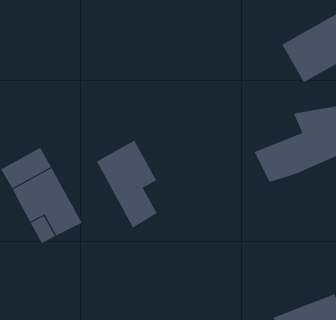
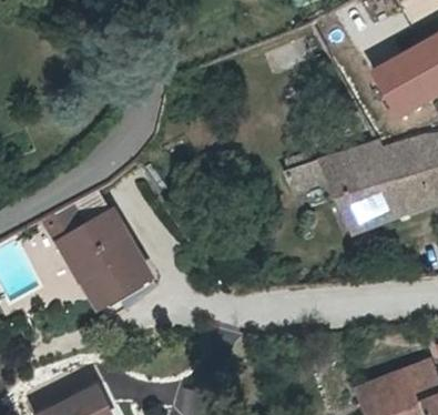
building: none -> [284,144,394,194]
building: [96,140,157,228] -> none

